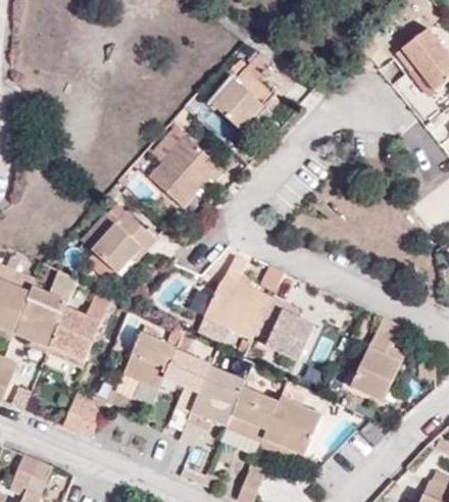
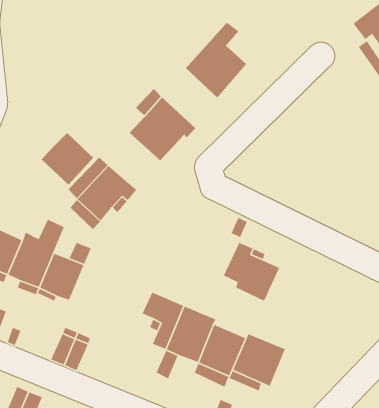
building: none -> [41,132,94,185]
building: [197,258,270,343] -> none
building: [350,319,404,402] -> none
building: [115,332,176,405] -> none

